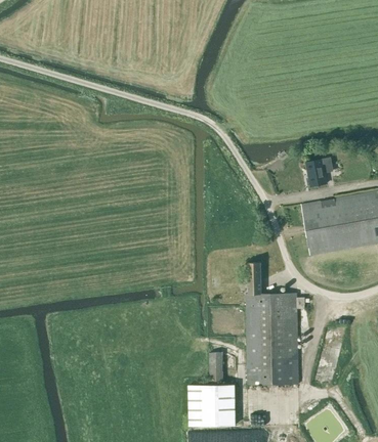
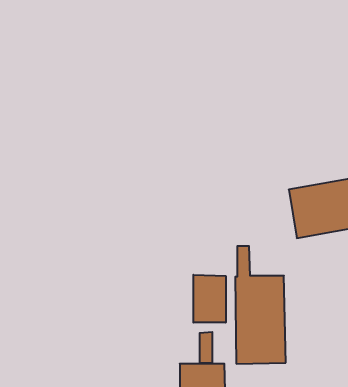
building: [306,160,327,186] -> none
building: none -> [193,275,226,323]

